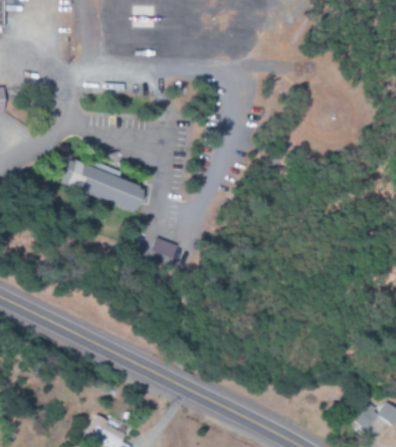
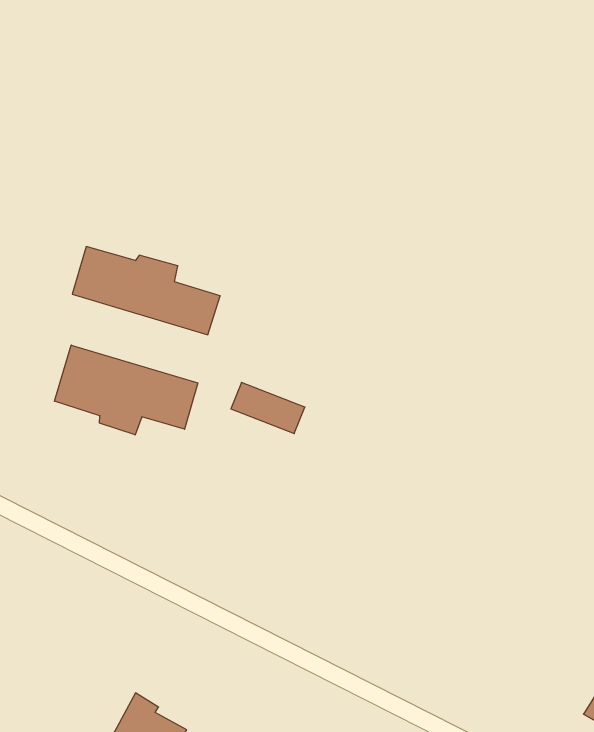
building: none -> [54,345,198,435]

